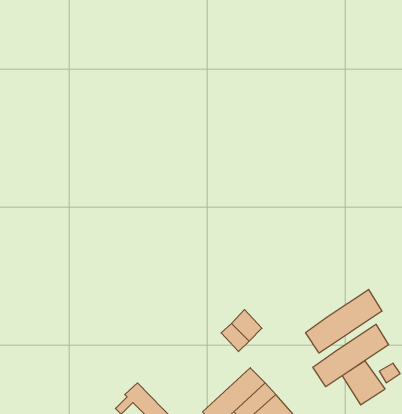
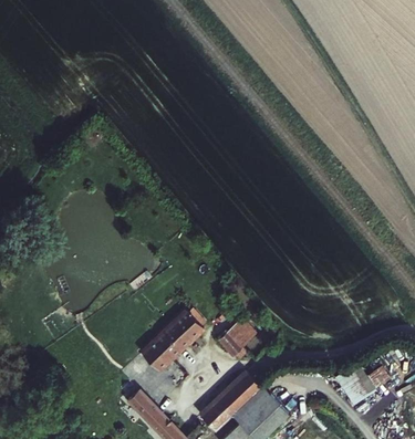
building: [306,289,382,353] -> none
building: none -> [143,314,203,372]
building: [313,324,389,387] -> none

